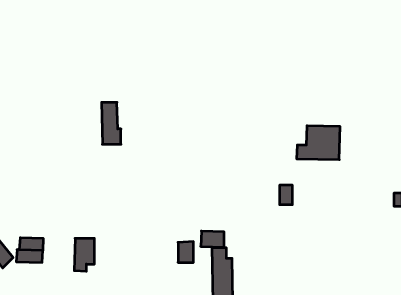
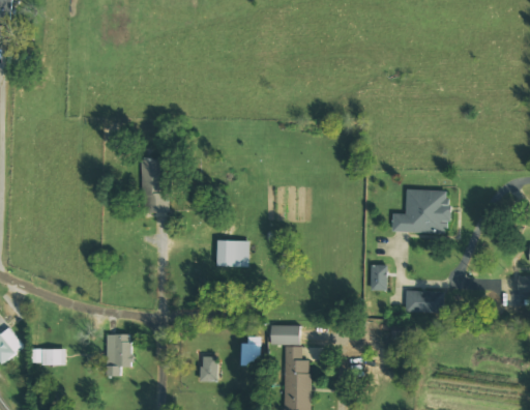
building: none -> [215,239,249,266]
building: none -> [405,290,444,312]
building: [20,238,43,250] -> none
building: none -> [201,355,217,381]

